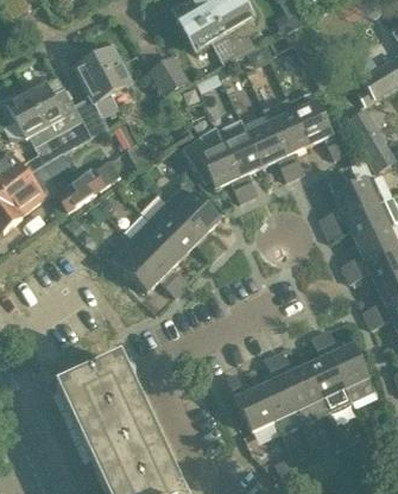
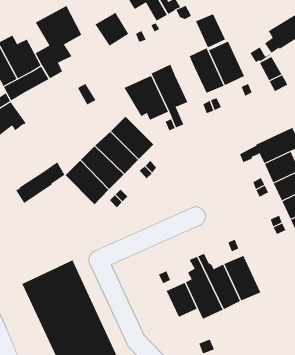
building: [248,121,286,164] -> [195,14,226,48]
building: [59,157,121,209] -> [15,161,65,204]
building: [321,170,385,228] -> none
building: [333,342,379,406] -> none

